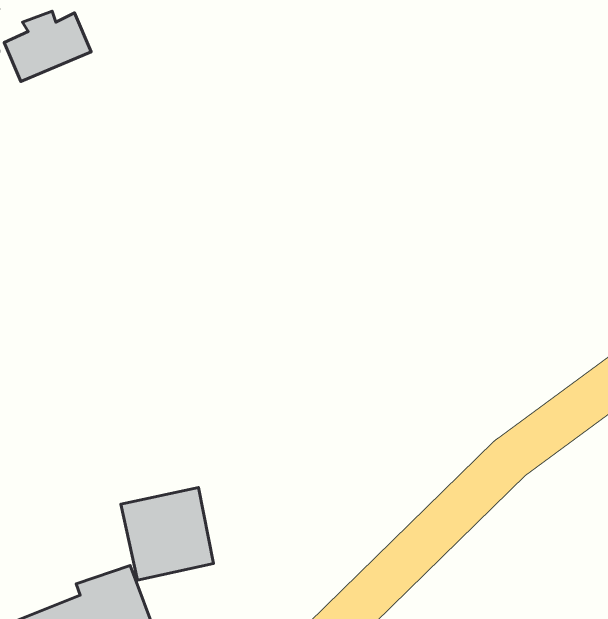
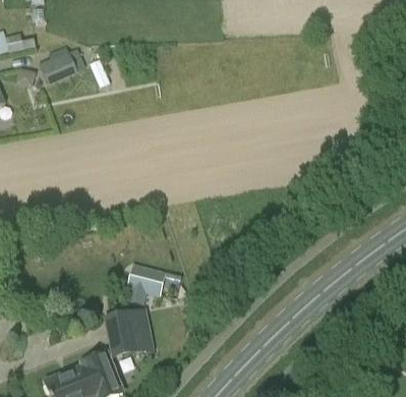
building: none -> [126,265,166,297]

